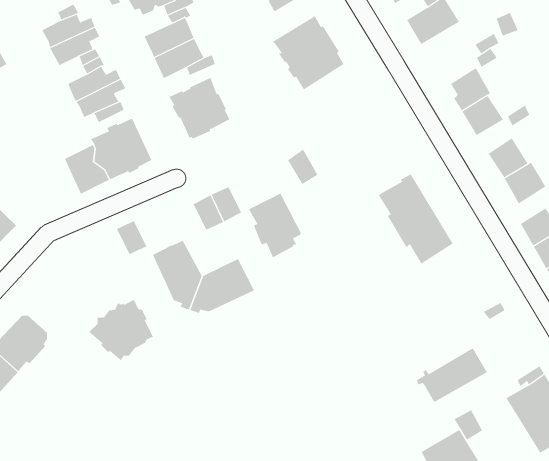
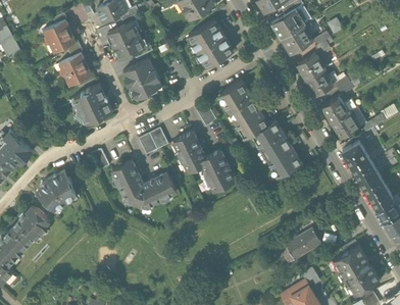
building: none -> [281,27,312,55]
building: none -> [220,82,268,139]
building: none -> [201,151,236,192]
building: [89,299,154,361] -> [36,172,77,211]

